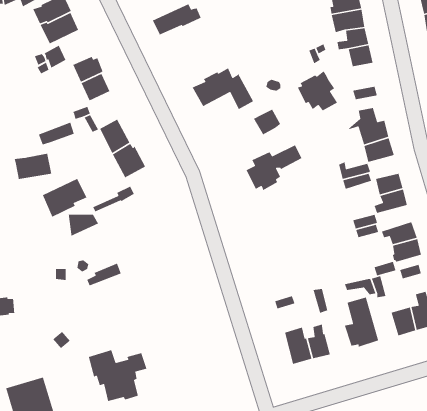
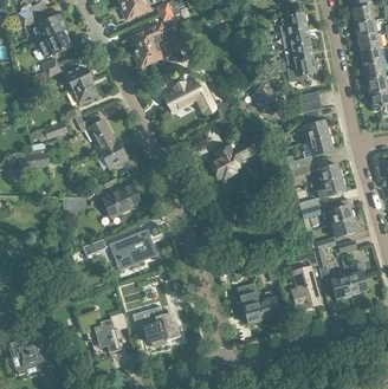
building: none -> [132,34,181,70]
building: [42,178,87,218] -> [102,184,140,218]
building: none -> [110,229,156,264]
building: none -> [132,306,180,344]

